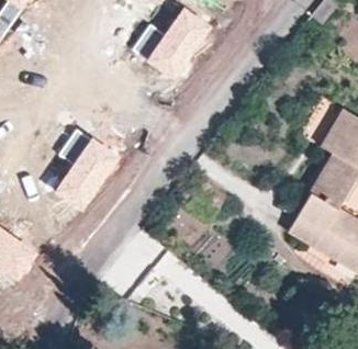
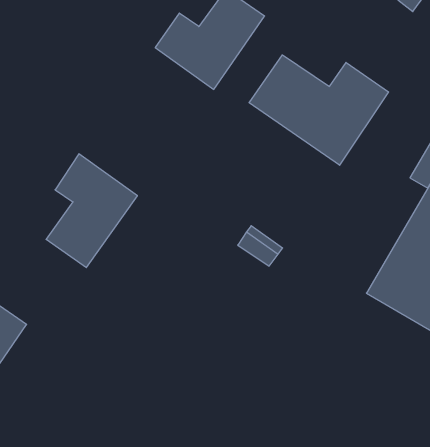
building: none -> [249,55,389,165]

